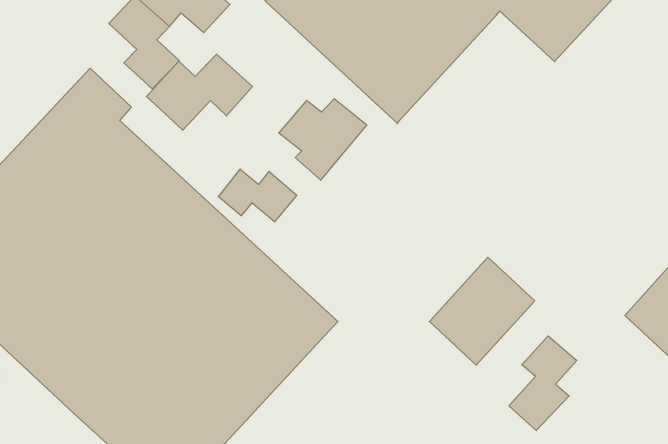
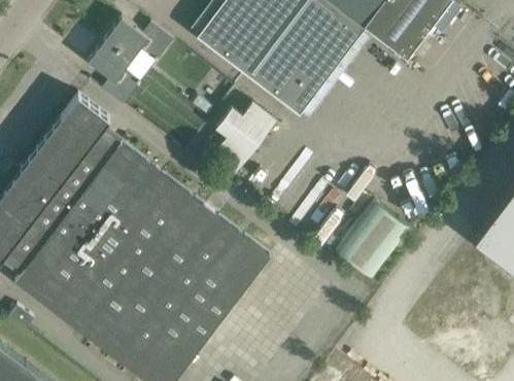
building: [146,54,252,130] -> none
building: [218,169,297,222] -> none
building: [509,336,577,431] -> none

